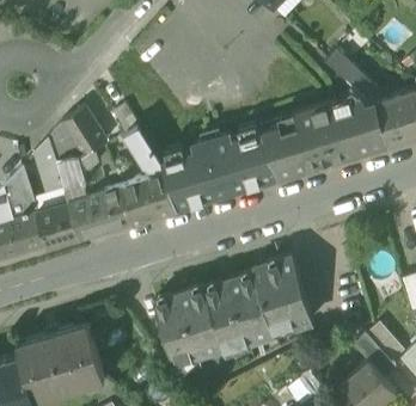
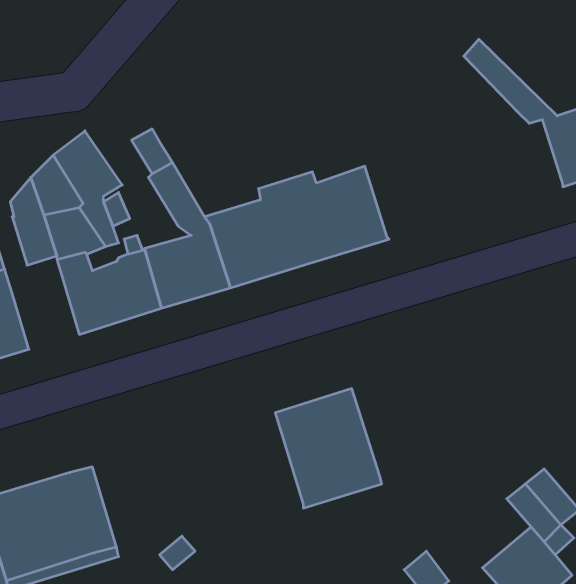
building: [263,97,390,177] -> none
building: [37,203,80,248] -> none
building: [253,257,313,330] -> none
building: [154,287,224,370] -> none

